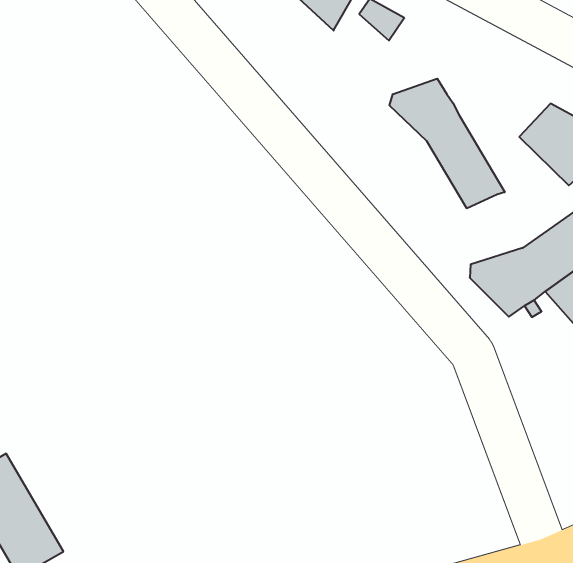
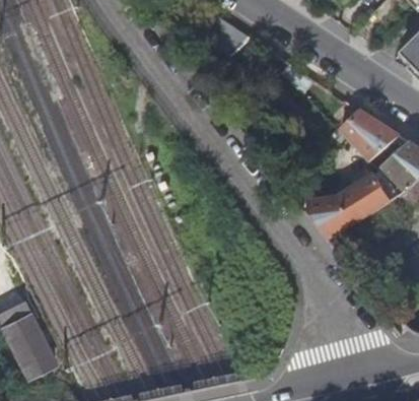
building: [389,79,505,208] -> none

